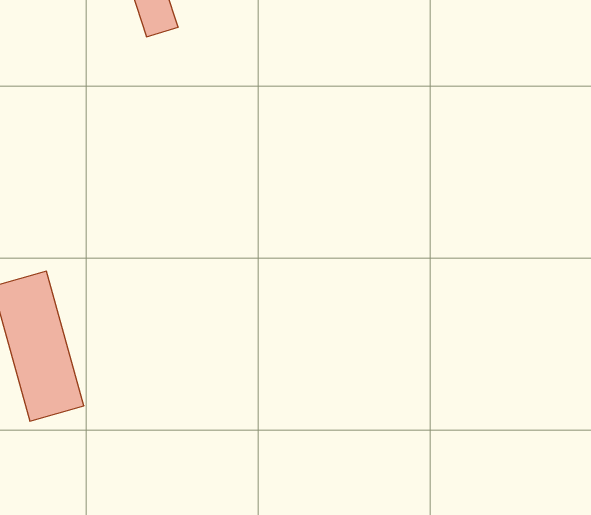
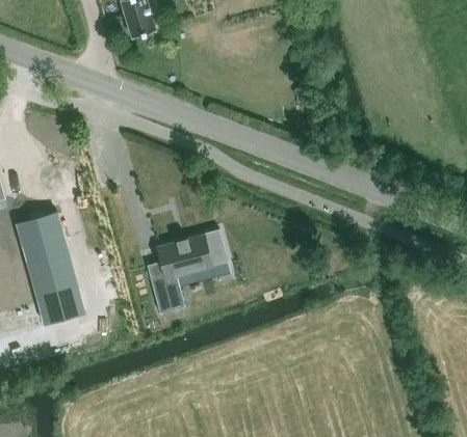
building: none -> [148,229,229,315]

